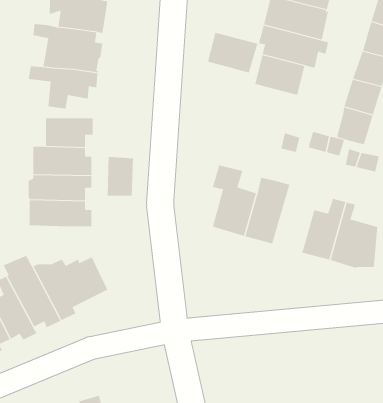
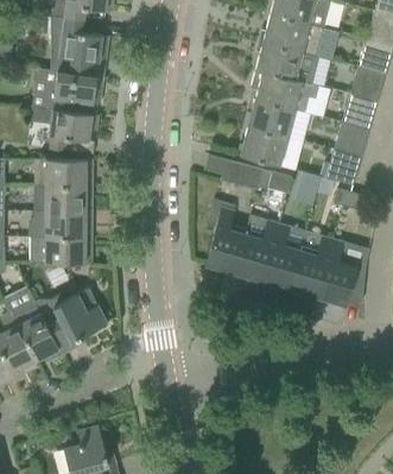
building: [207,32,258,73] -> [240,127,289,166]
building: none -> [226,160,264,190]
building: [107,156,134,196] -> none
building: none -> [265,223,309,289]

